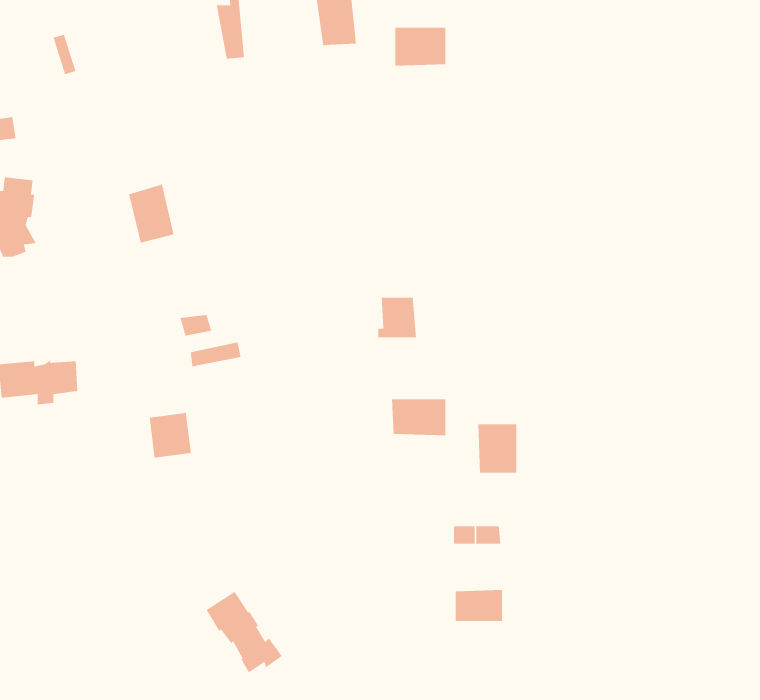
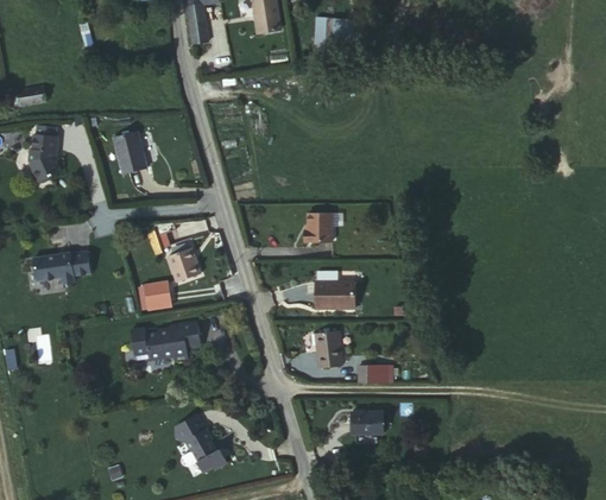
building: none -> [172,252,206,285]
building: [477,424,517,474] -> [310,330,337,365]
building: none -> [131,321,201,360]

